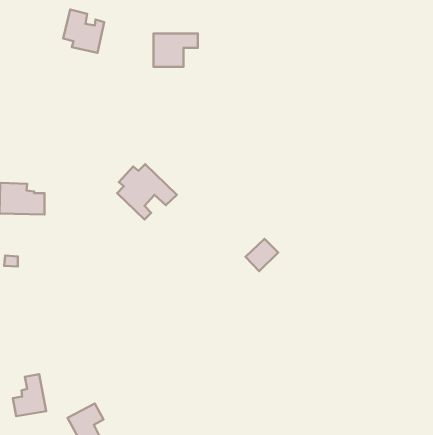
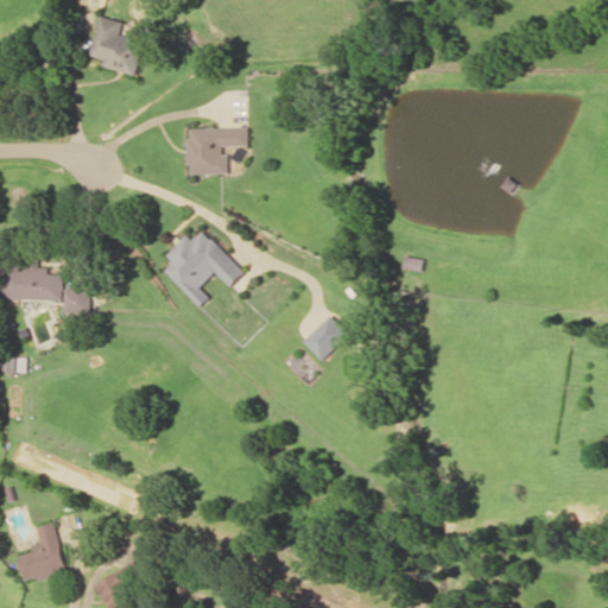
building: [153,33,198,67] -> [185,128,247,175]
building: none -> [63,290,89,314]
building: [246,239,278,271] -> [302,316,347,361]

